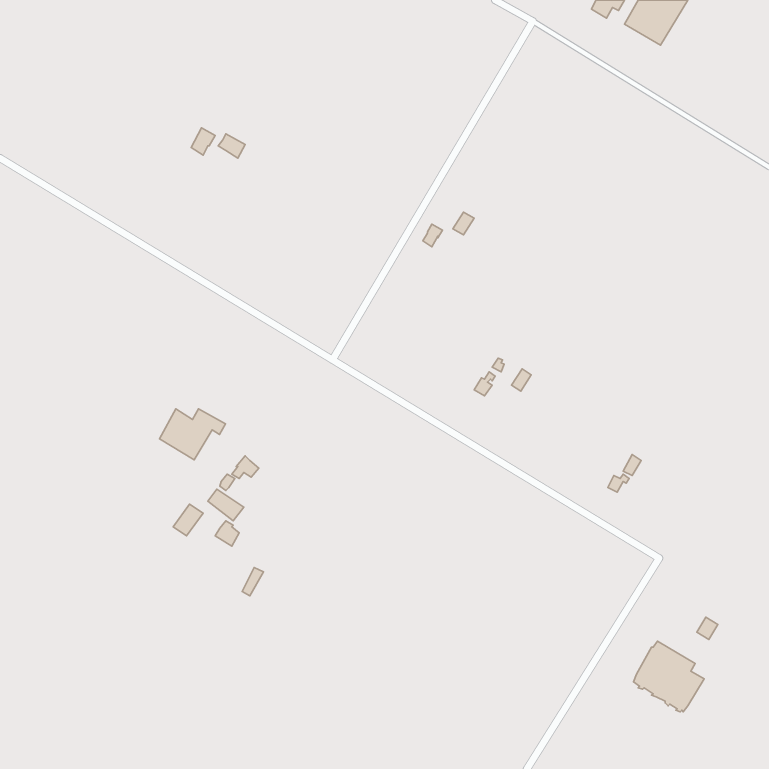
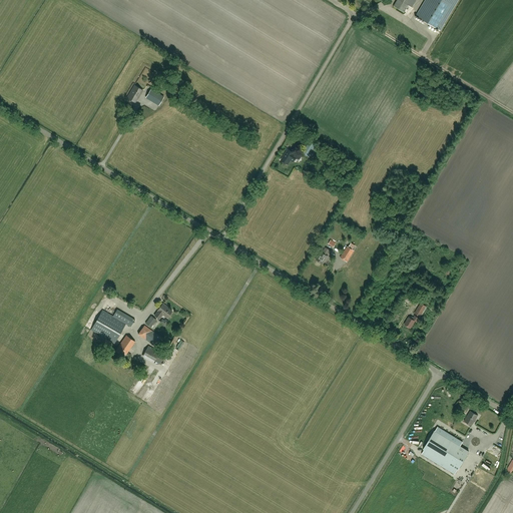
building: [159,409,226,460] -> [91,310,135,344]

